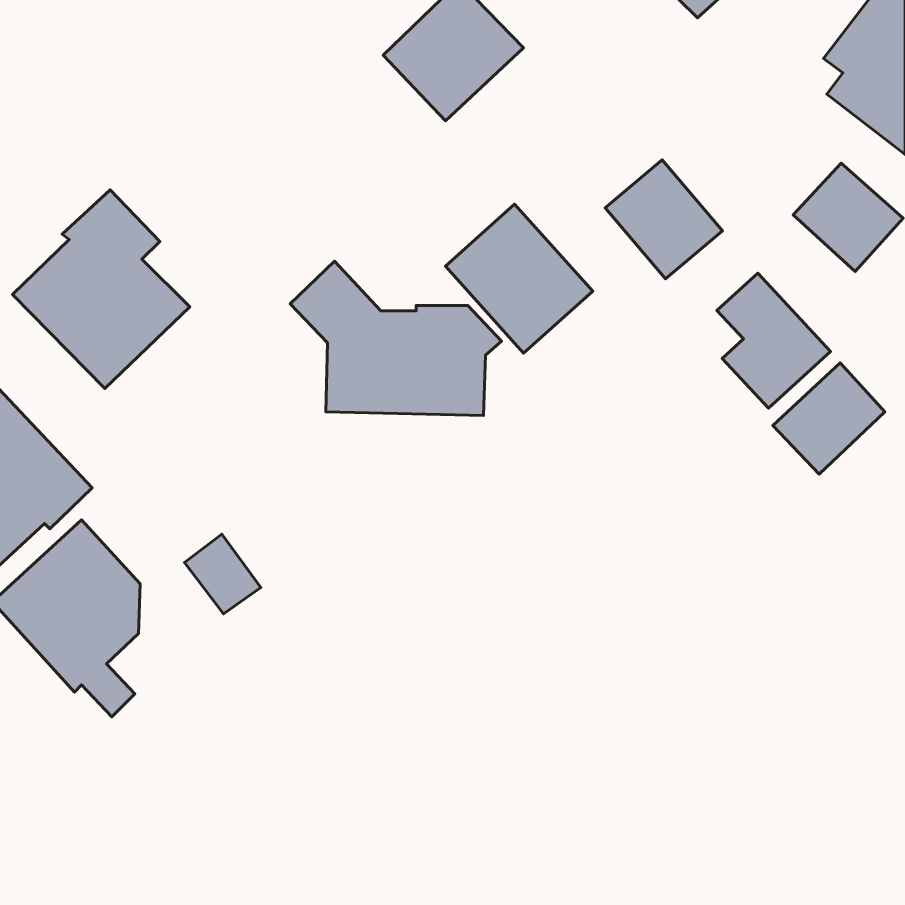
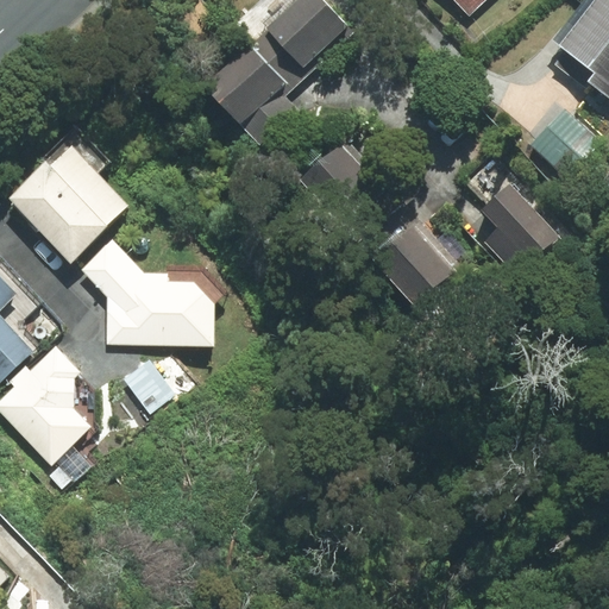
building: none -> [203,42,297,144]
building: [605,160,722,279] -> [372,225,451,304]
building: [290,261,501,416] -> [82,240,224,344]
building: [773,363,885,474] -> none

